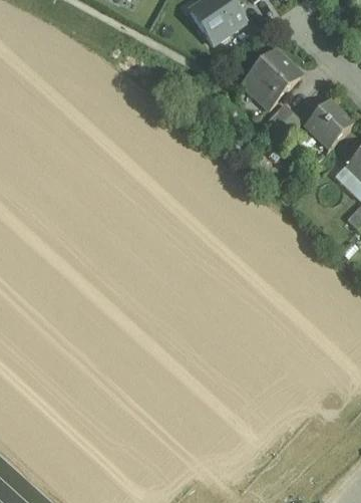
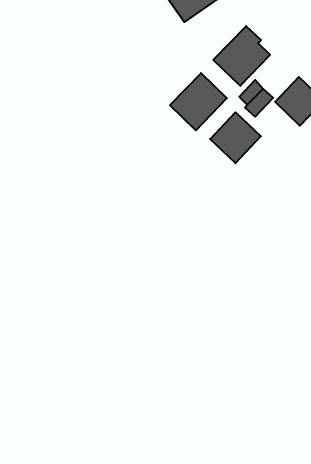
building: none -> [170,73,227,130]
building: none -> [210,112,261,163]

